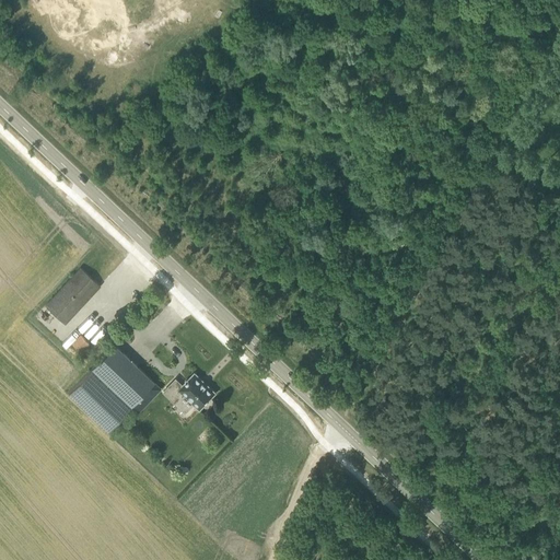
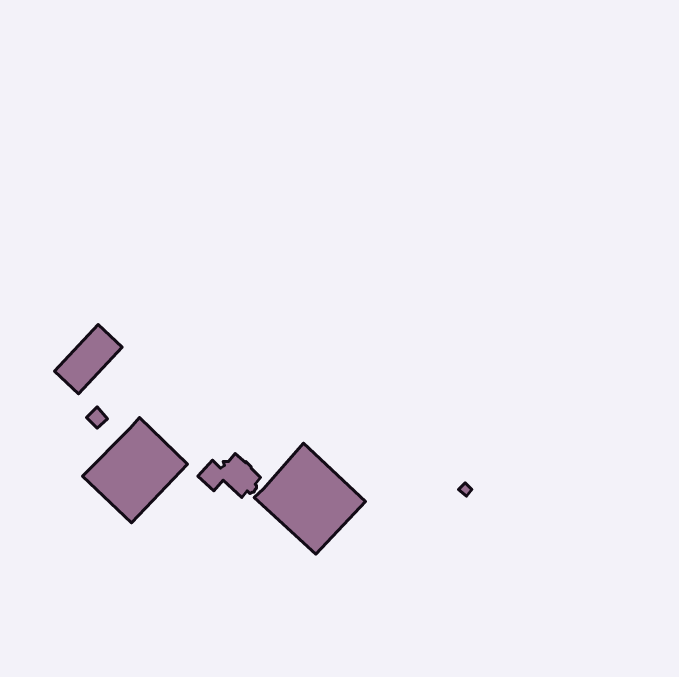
building: none -> [254,443,366,554]

